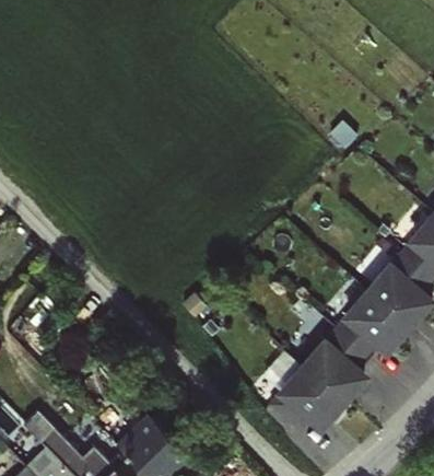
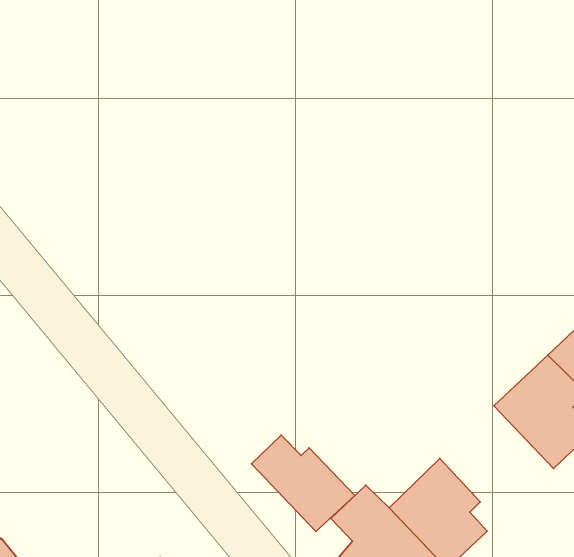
building: [331,291,410,360] -> none
building: none -> [251,435,355,531]

